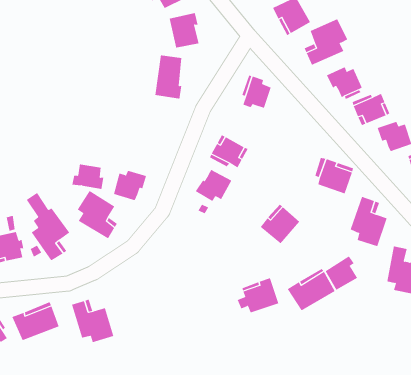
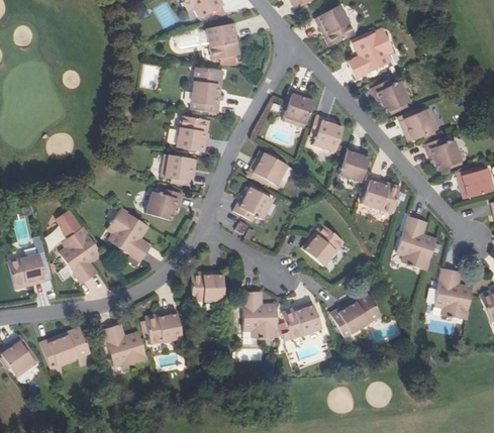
building: none -> [309,114,342,150]
building: none -> [176,115,206,151]
building: none -> [338,147,369,182]
building: [72,164,104,190] -> [161,154,195,182]
building: none -> [191,272,223,301]
building: [325,255,358,291] -> none
building: none -> [242,292,277,337]
building: none -> [146,310,182,343]

